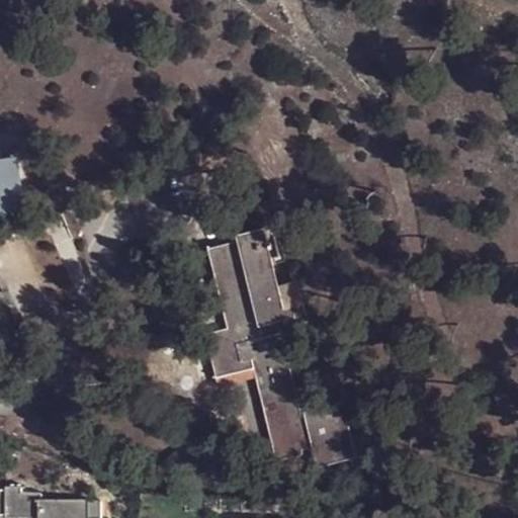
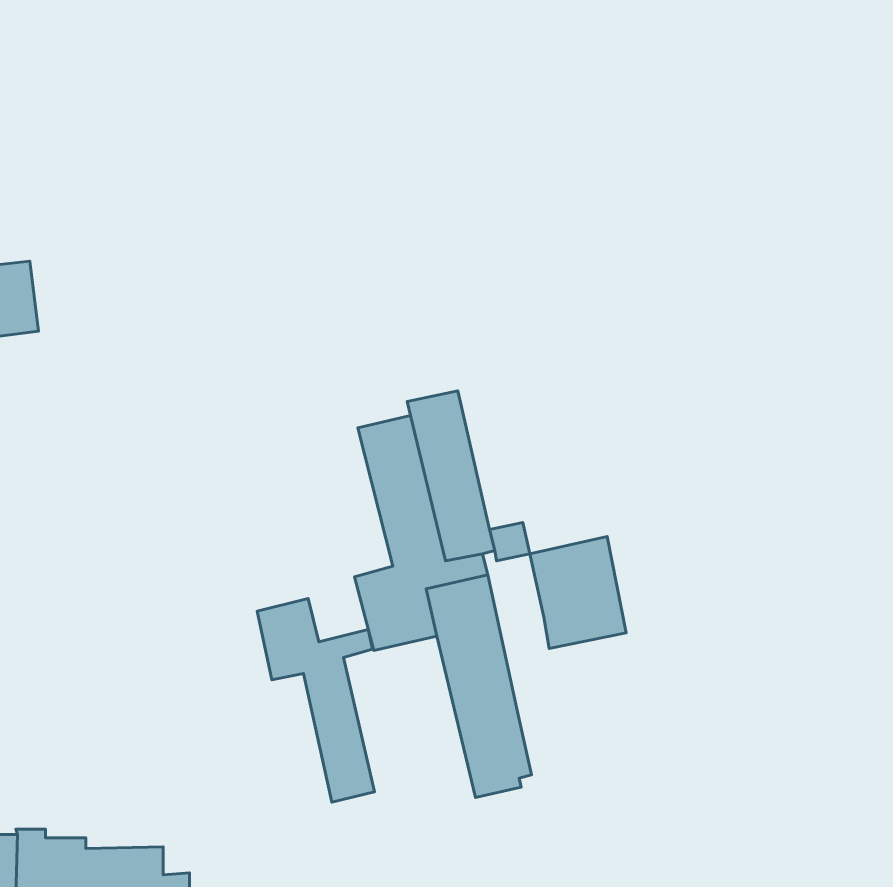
building: none -> [257,598,374,802]
building: [298,406,354,470] -> [530,536,626,649]

